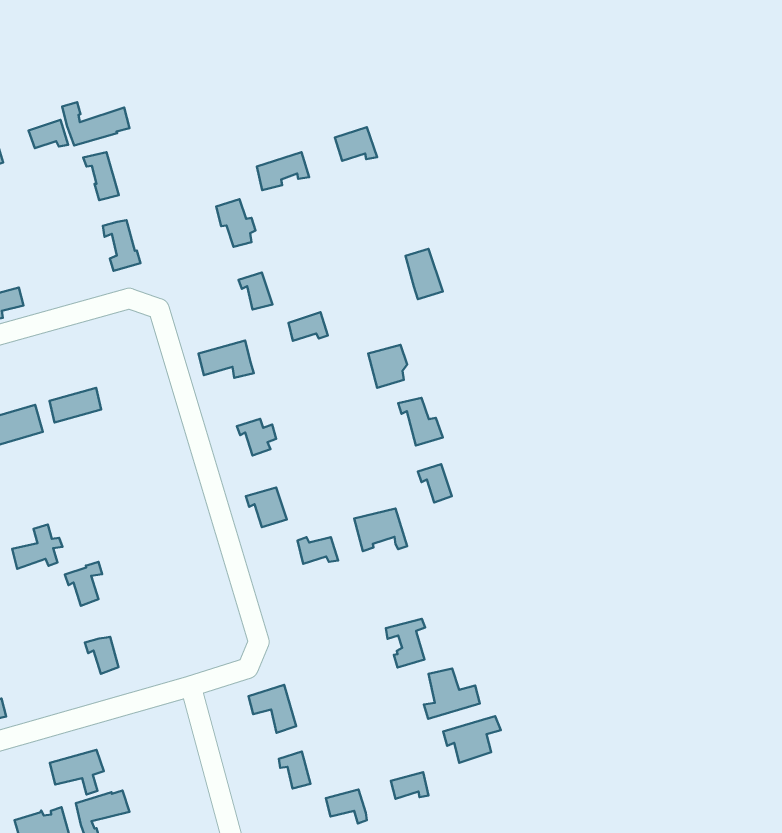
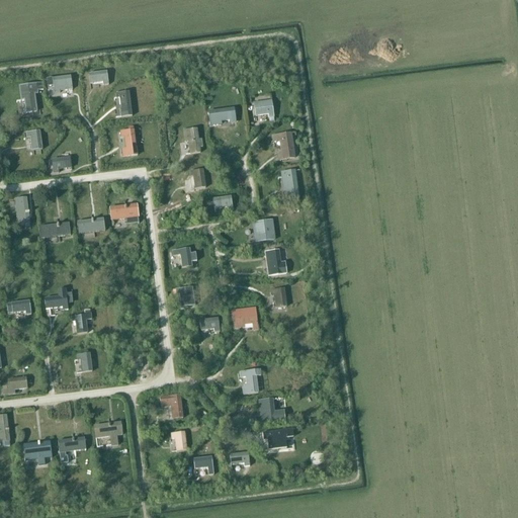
building: [62,102,129,145] -> none
building: none -> [272,132,295,160]
building: [199,341,254,378] -> [110,204,139,224]
building: [50,750,104,795] -> [94,422,122,445]

